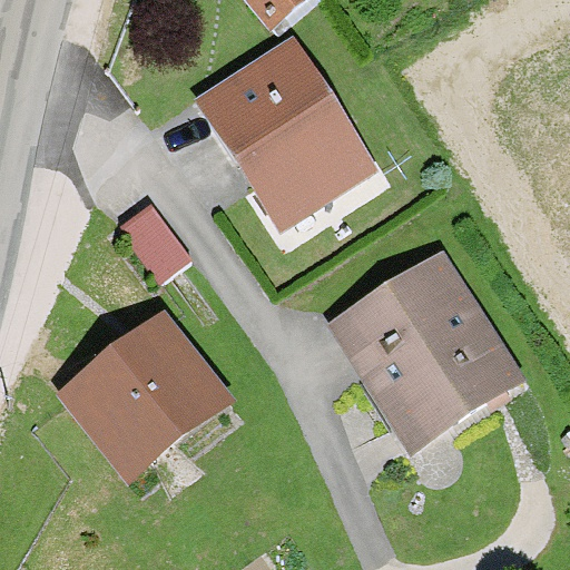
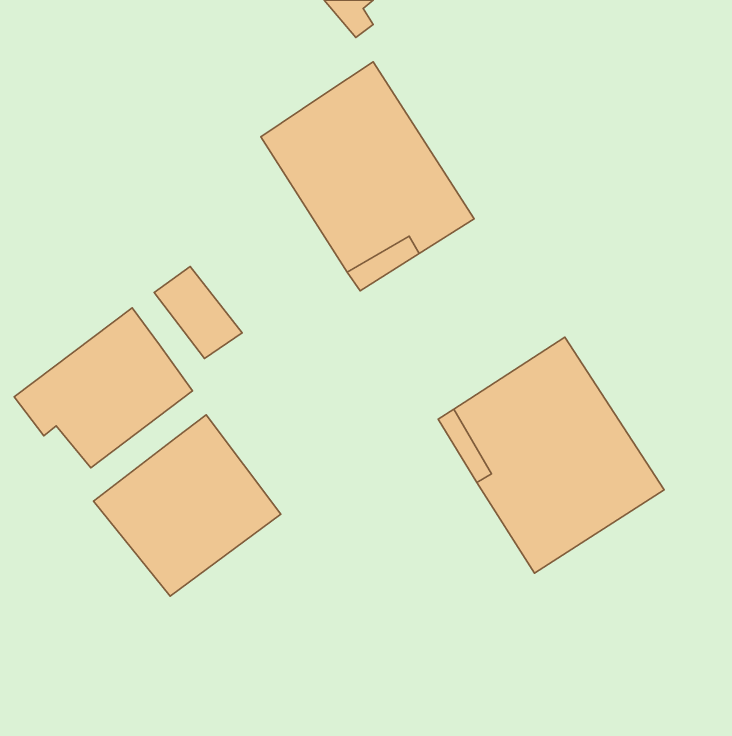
building: none -> [14,308,192,468]

